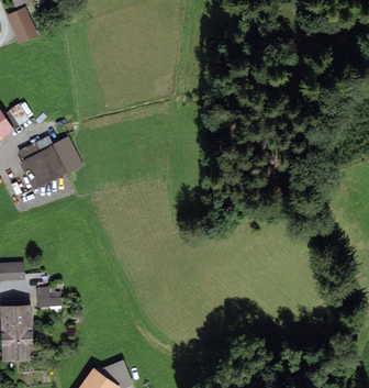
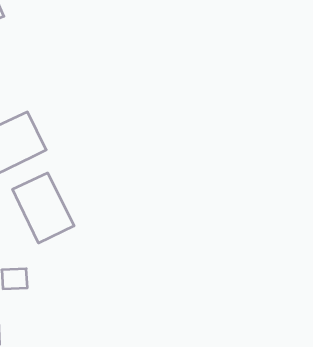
building: none -> [13,173,74,243]

